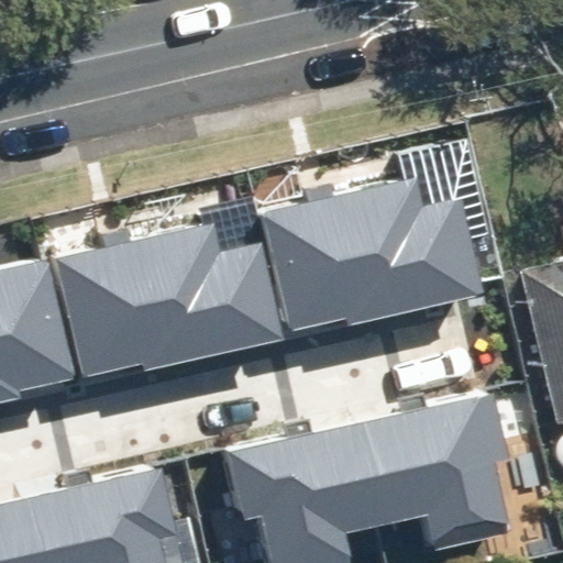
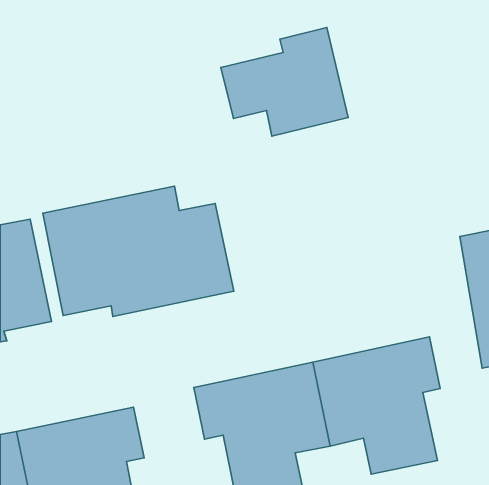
building: none -> [221,27,348,136]
building: [257,170,476,322] -> none

